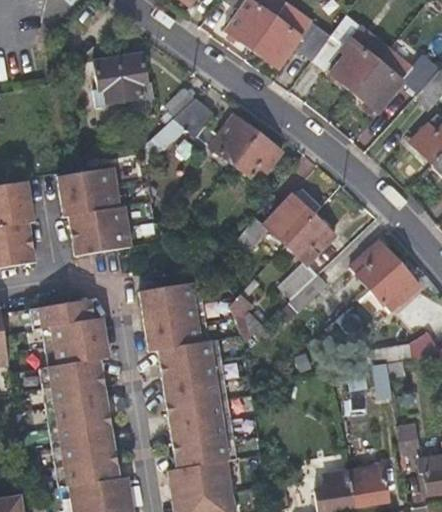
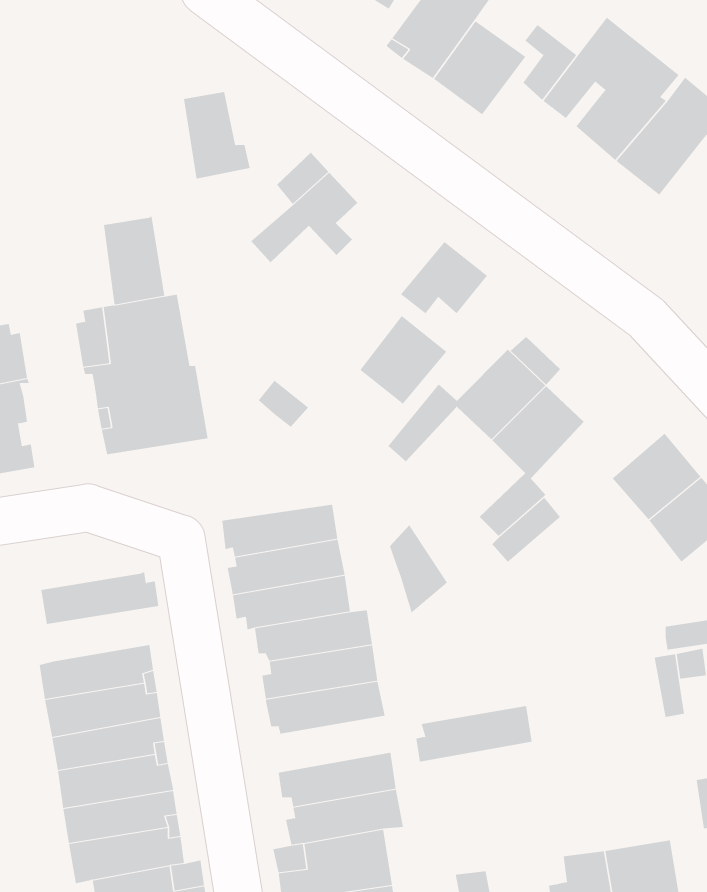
building: [90,59,124,108] -> [103,216,165,305]
building: [212,117,260,166] -> [359,315,447,405]
building: [29,300,93,329] -> none
building: [42,337,106,367] -> none
building: [167,397,231,428] -> [416,705,532,762]

